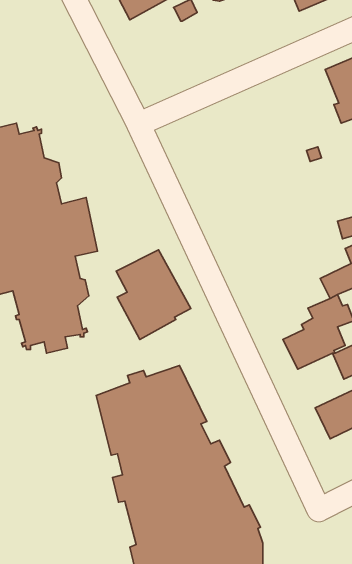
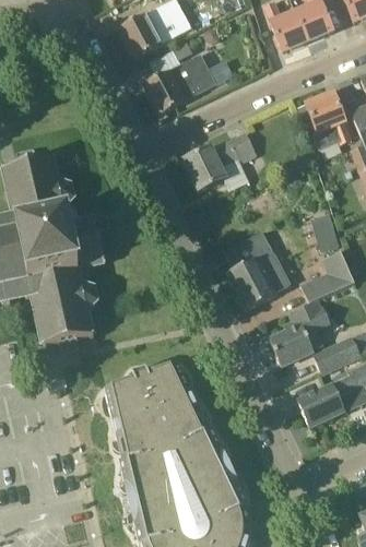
building: none -> [142,53,217,115]
building: none -> [184,133,256,190]
building: [116,250,191,340] -> [225,231,291,310]

